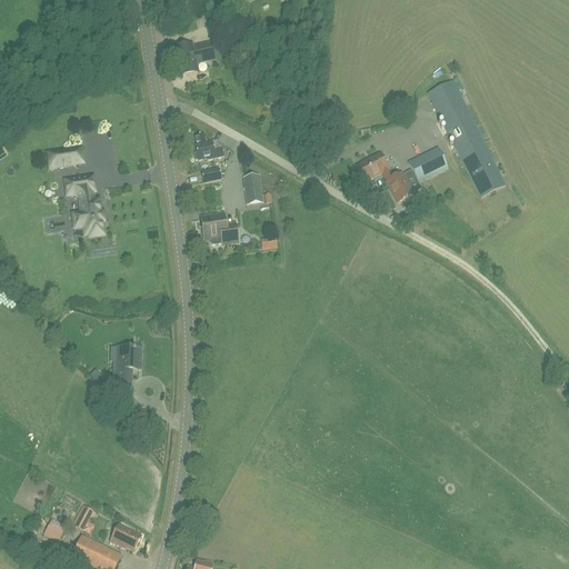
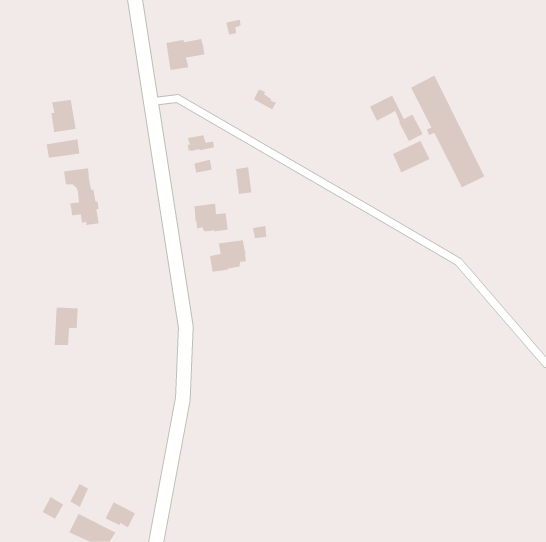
building: none -> [51,99,76,133]
building: [356,150,412,199] -> [369,95,424,142]
building: none -> [209,239,247,272]
building: [116,345,141,385] -> [54,307,78,345]

